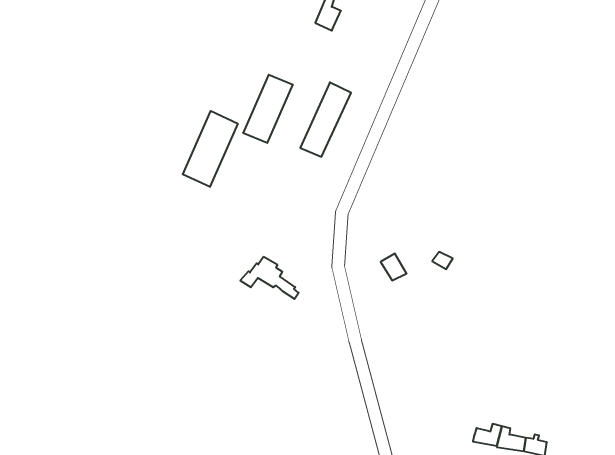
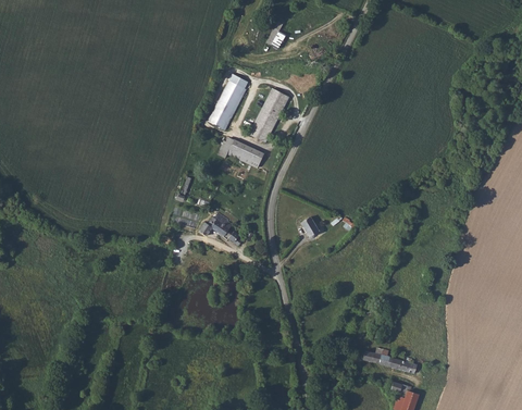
building: [183,111,238,187] -> none
building: none -> [226,139,263,167]

